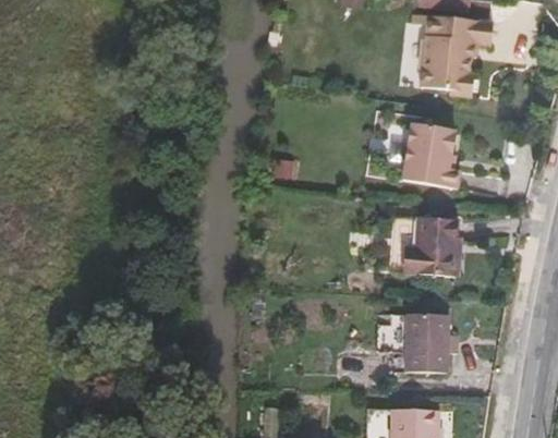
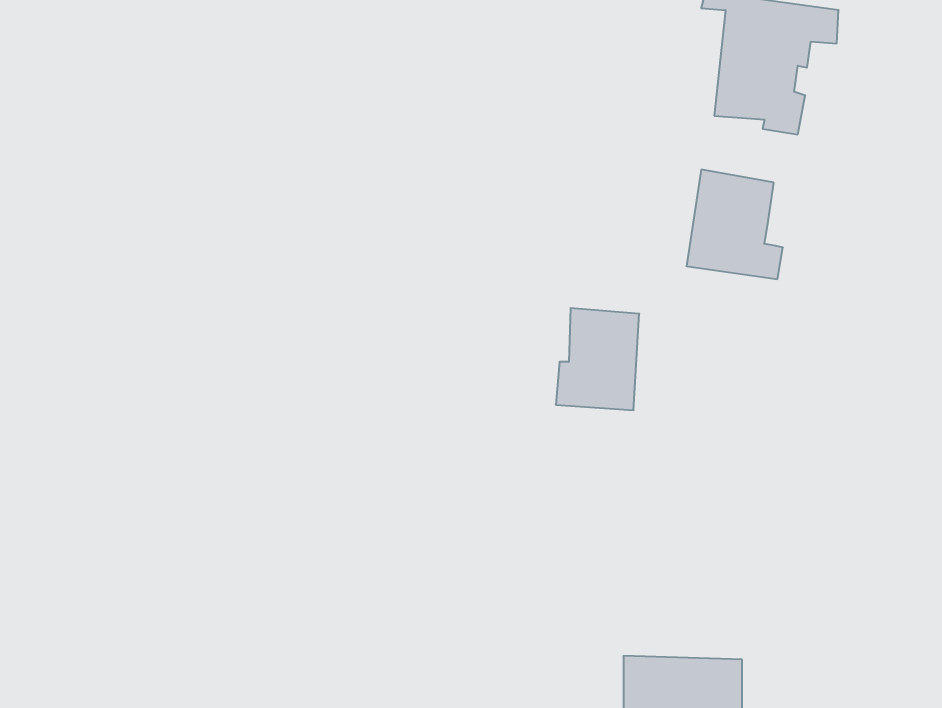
building: [409,215,458,275] -> [556,308,639,410]
building: [403,311,454,370] -> none

